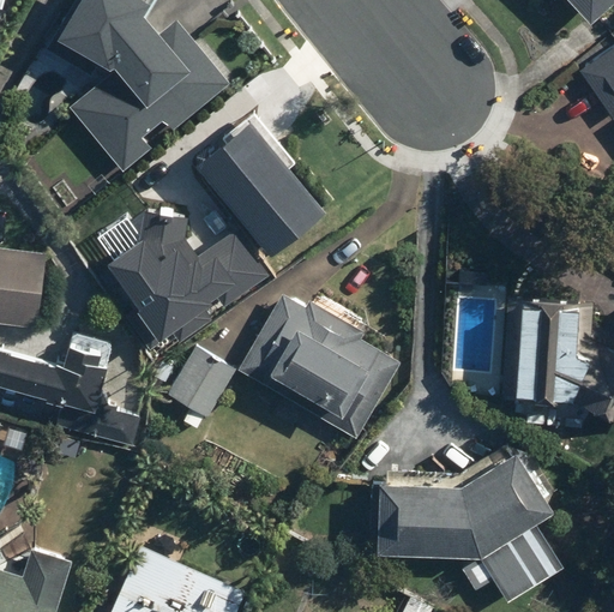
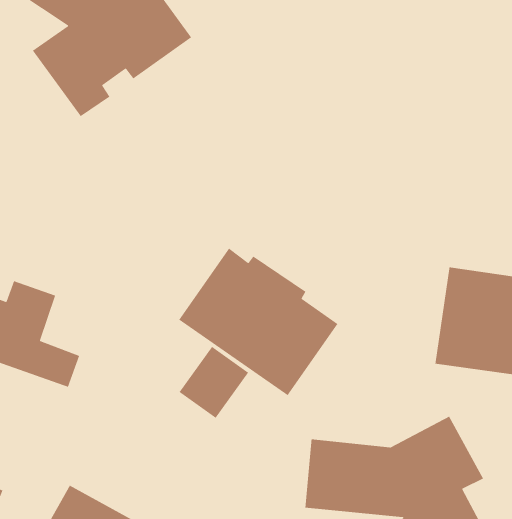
building: [199,119,327,256] -> none
building: [102,222,258,346] -> none
building: [165,344,235,418] -> [179,346,249,419]

